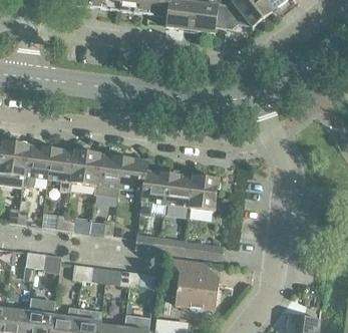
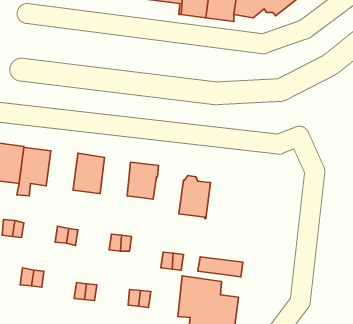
building: [47,147,75,192] -> none
building: [93,153,122,198] -> none
building: [138,168,169,217] -> none
building: [190,176,218,211] -> none

